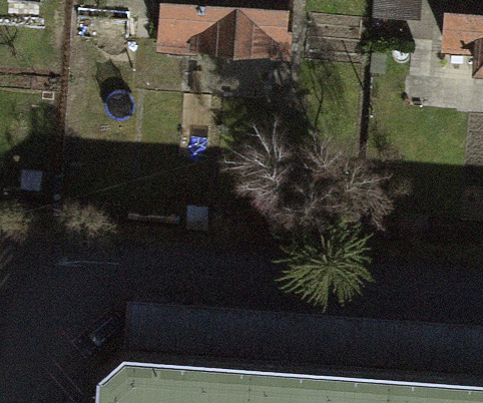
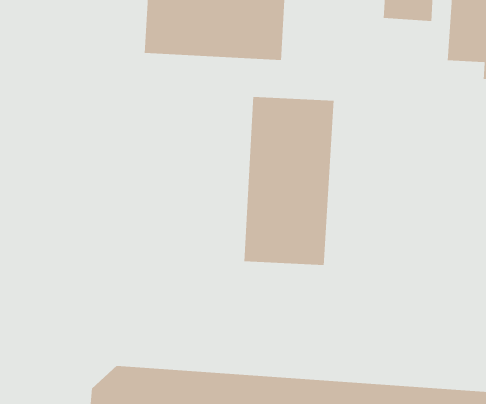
building: none -> [244,96,334,266]

